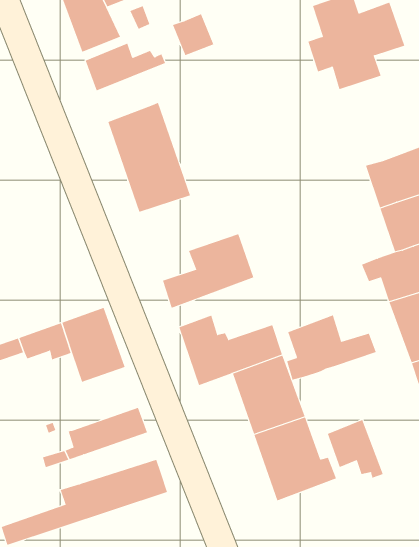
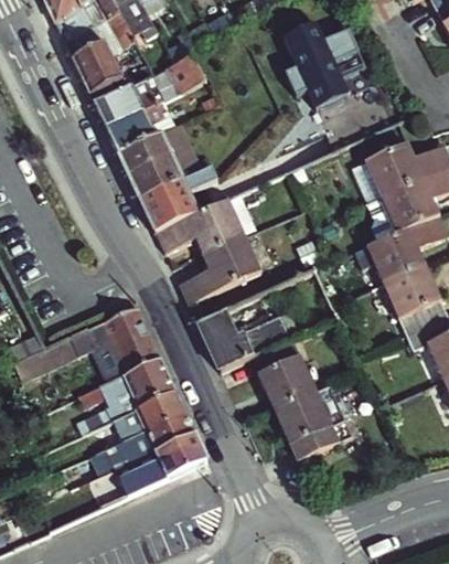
building: none -> [110,95,171,150]
building: none -> [157,195,244,254]
building: [287,314,376,380] -> none
building: none -> [73,359,172,417]
building: [327,419,384,479] -> none
building: none -> [125,413,192,462]

